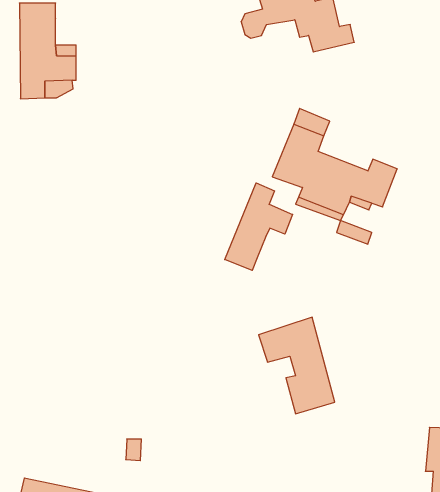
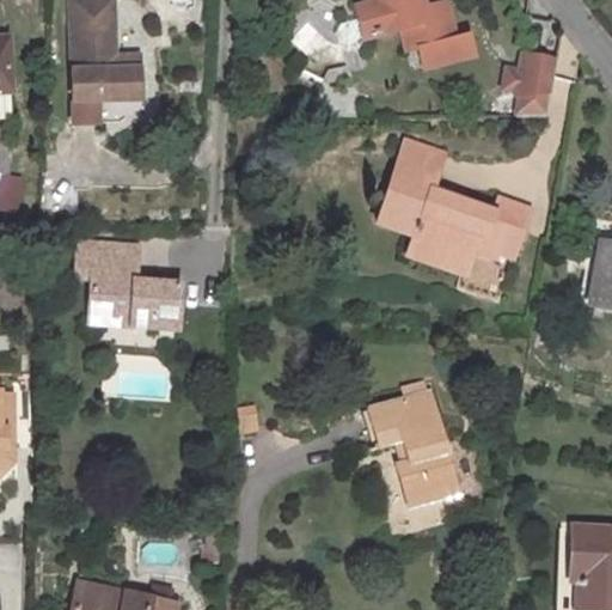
building: none -> [507,47,555,112]
building: [225,183,293,270] -> none
building: none -> [74,236,178,327]

